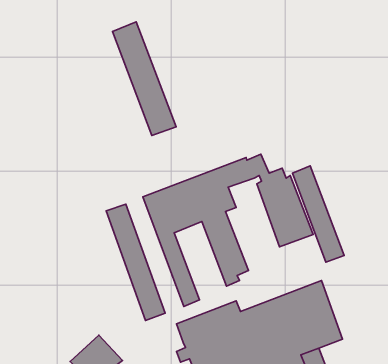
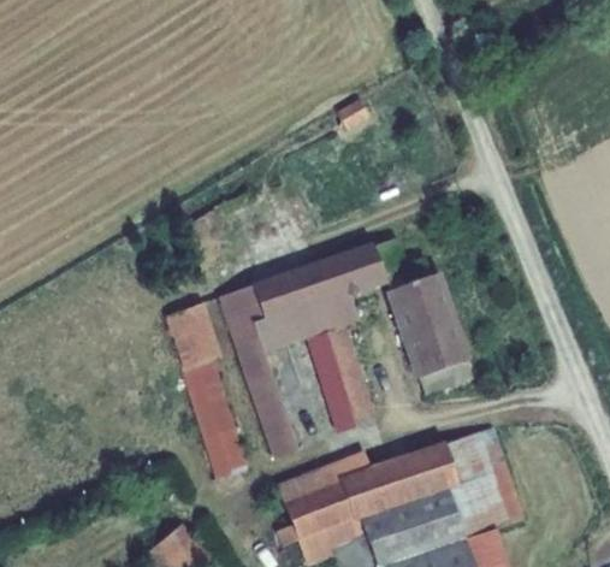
building: [113,22,176,136] -> none
building: [292,166,344,262] -> none

